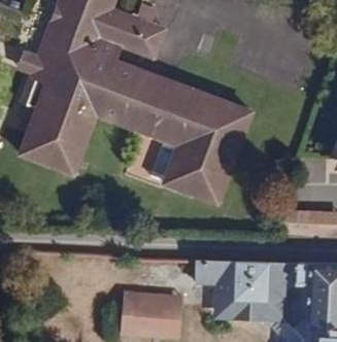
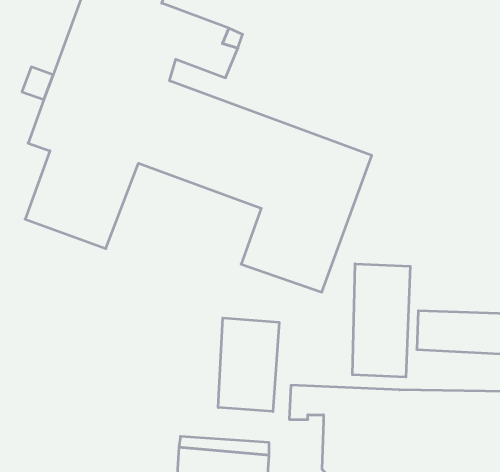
building: none -> [352,264,410,377]
building: none -> [218,318,279,412]

